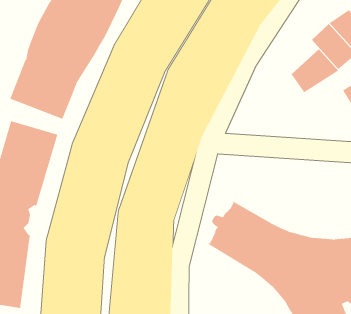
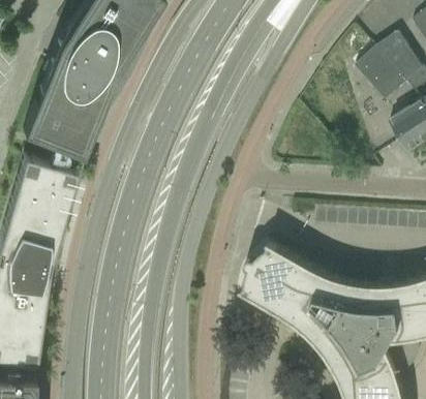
building: [291,48,339,93] -> none

